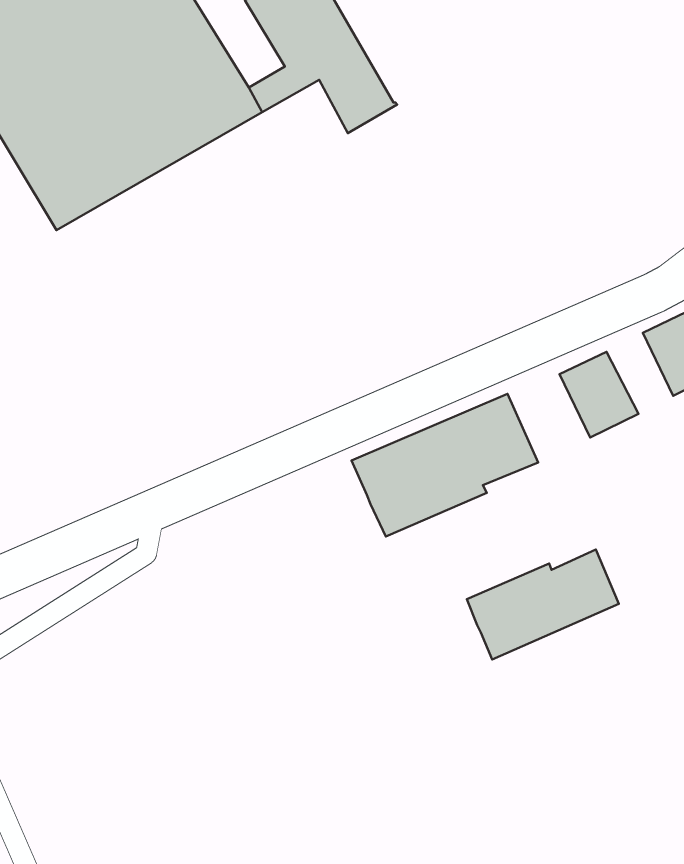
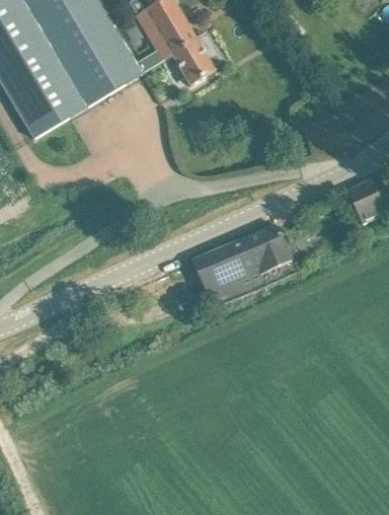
building: [559,352,638,437] -> none
building: [467,550,619,660] -> none

